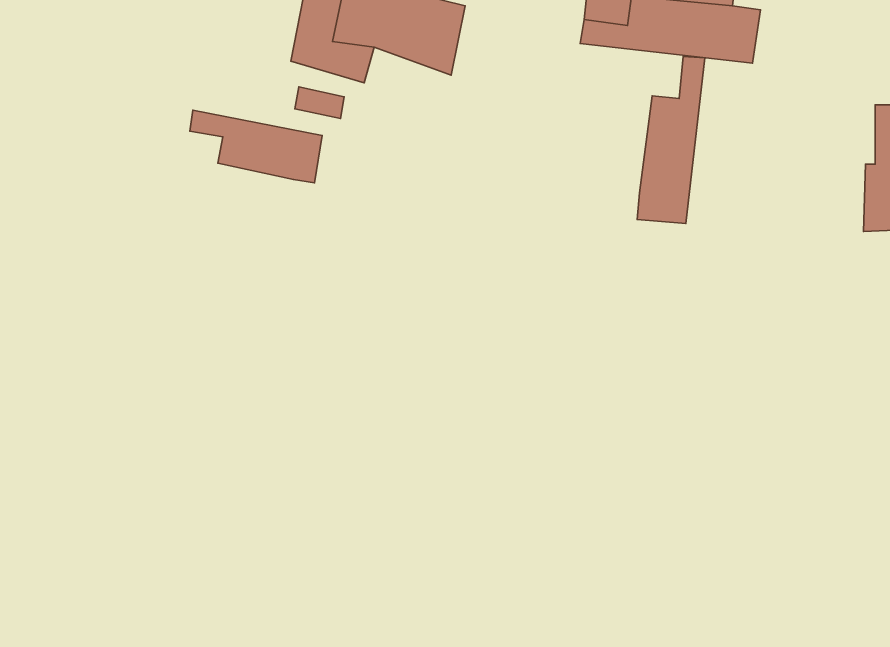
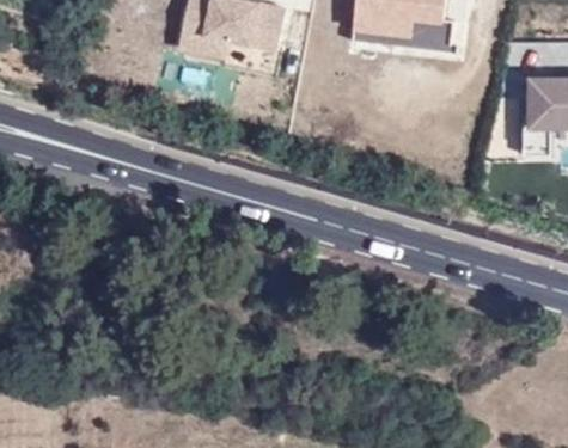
building: [637,56,705,223] -> none
building: [190,110,322,183] -> none

